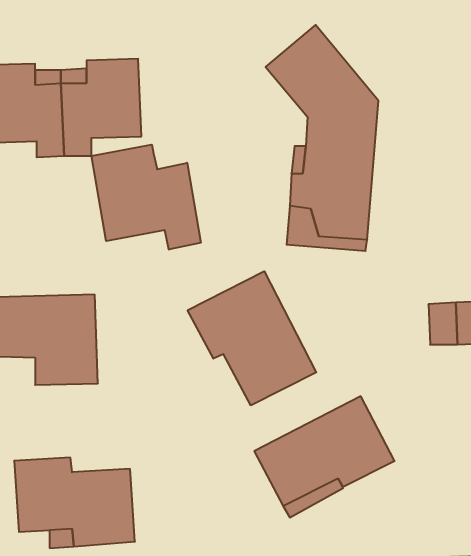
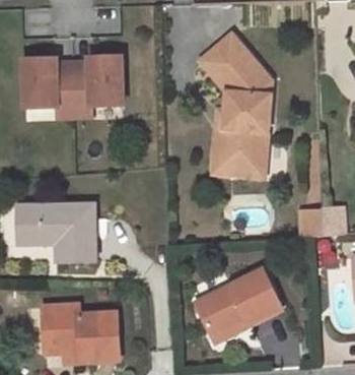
building: [91,145,201,250] -> none
building: [188,271,316,405] -> none

